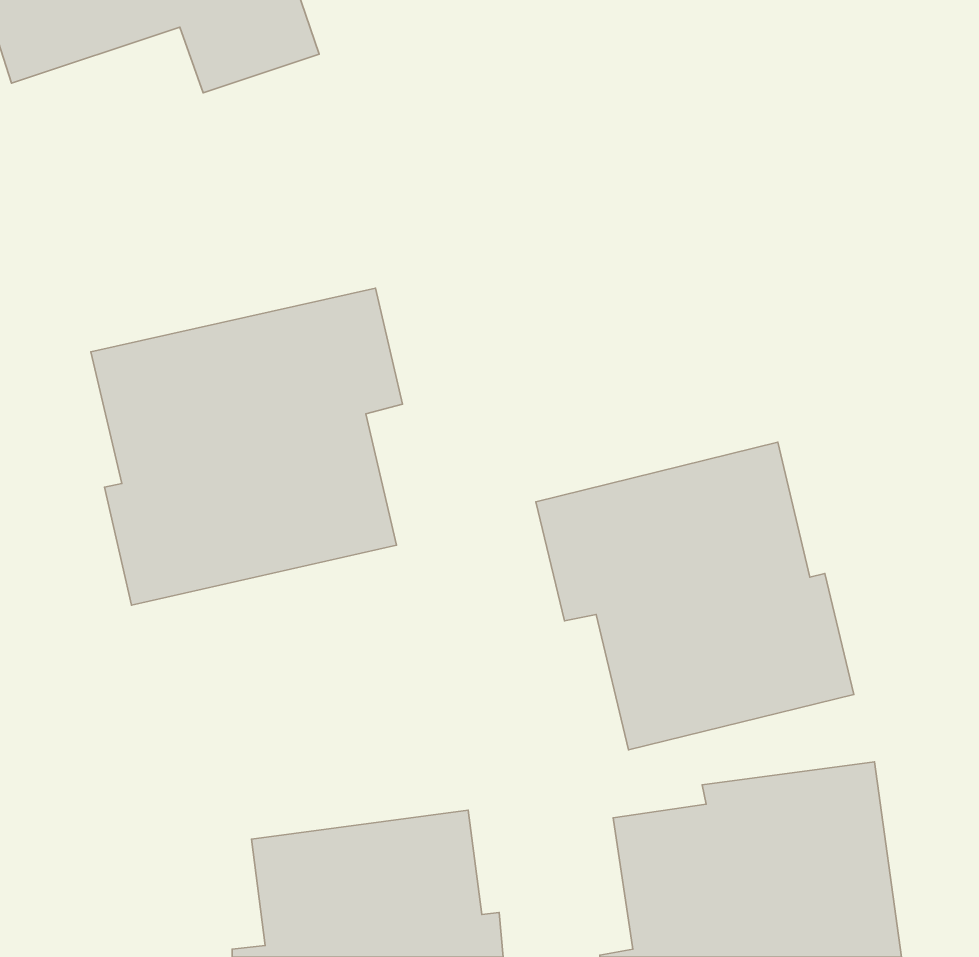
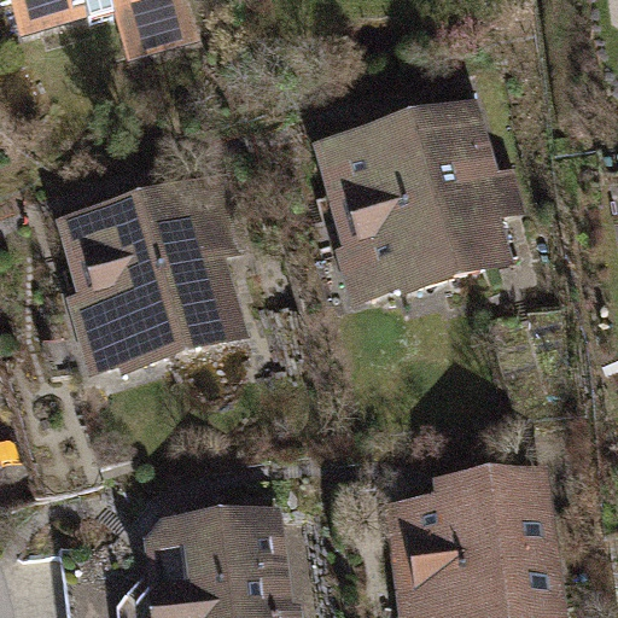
building: none -> [314,98,515,307]
building: [536,442,854,750] -> none

